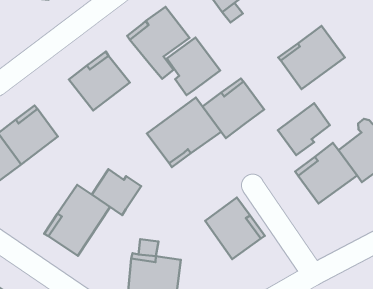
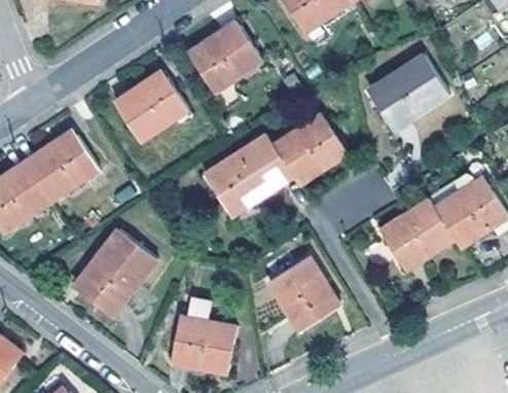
building: [167,37,220,95] -> none
building: [278,103,330,155] -> none
building: [92,169,141,215] -> none

